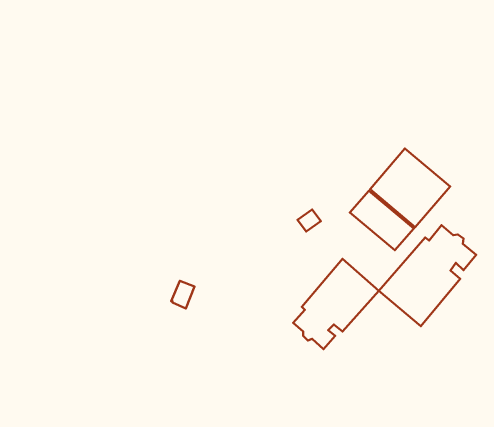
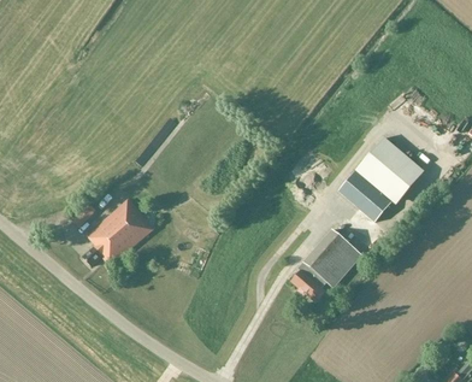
building: none -> [82,199,153,265]
building: [379,225,476,326] -> none

